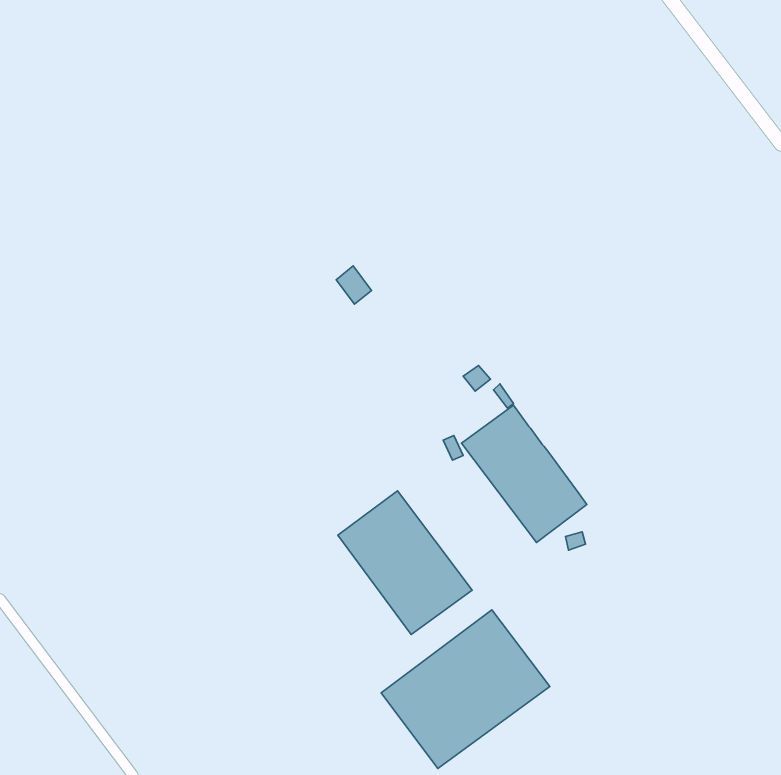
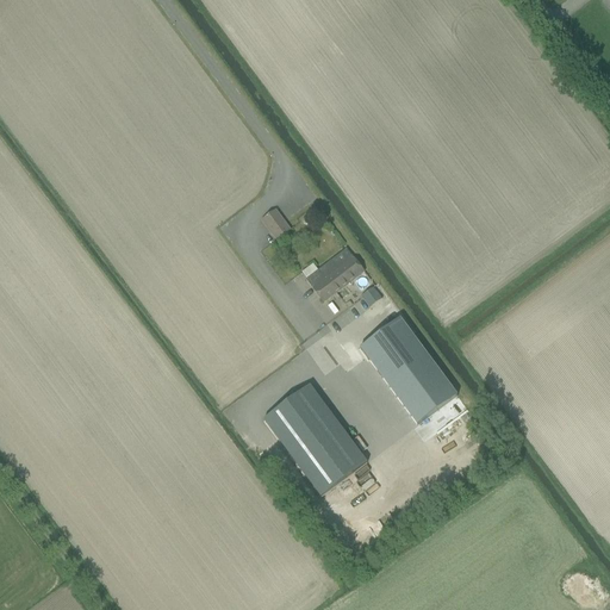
building: none -> [306,245,365,300]
building: [381,610,550,769] -> none

